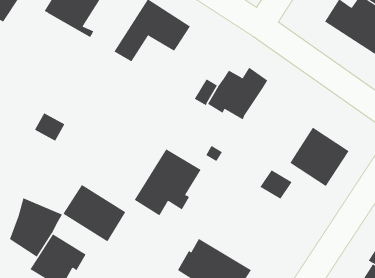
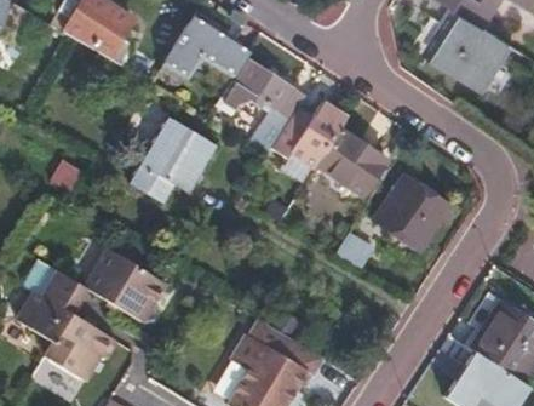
building: none -> [213,61,302,116]
building: none -> [315,128,384,194]
building: [134,148,201,216] -> [128,119,213,204]

